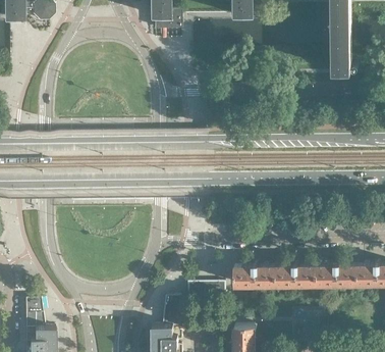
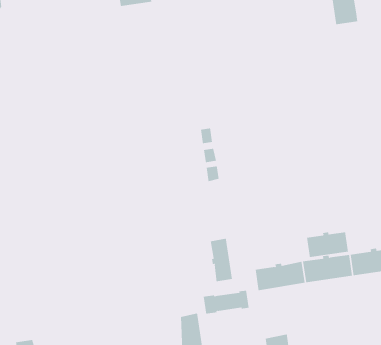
building: none -> [210,238,232,282]
building: none -> [306,232,349,258]

